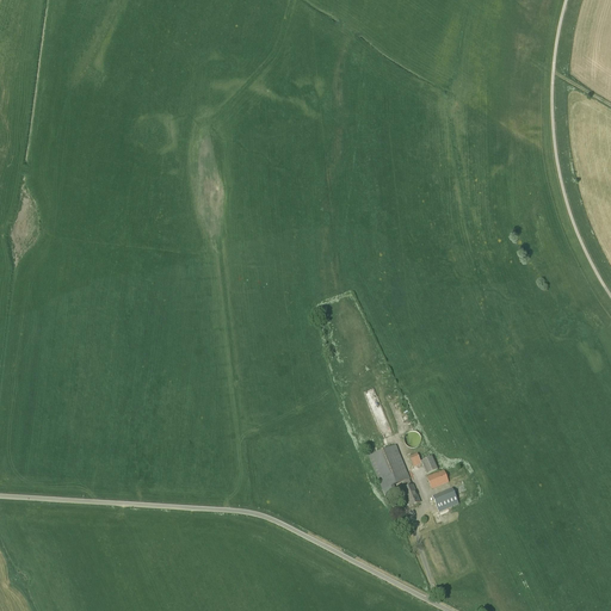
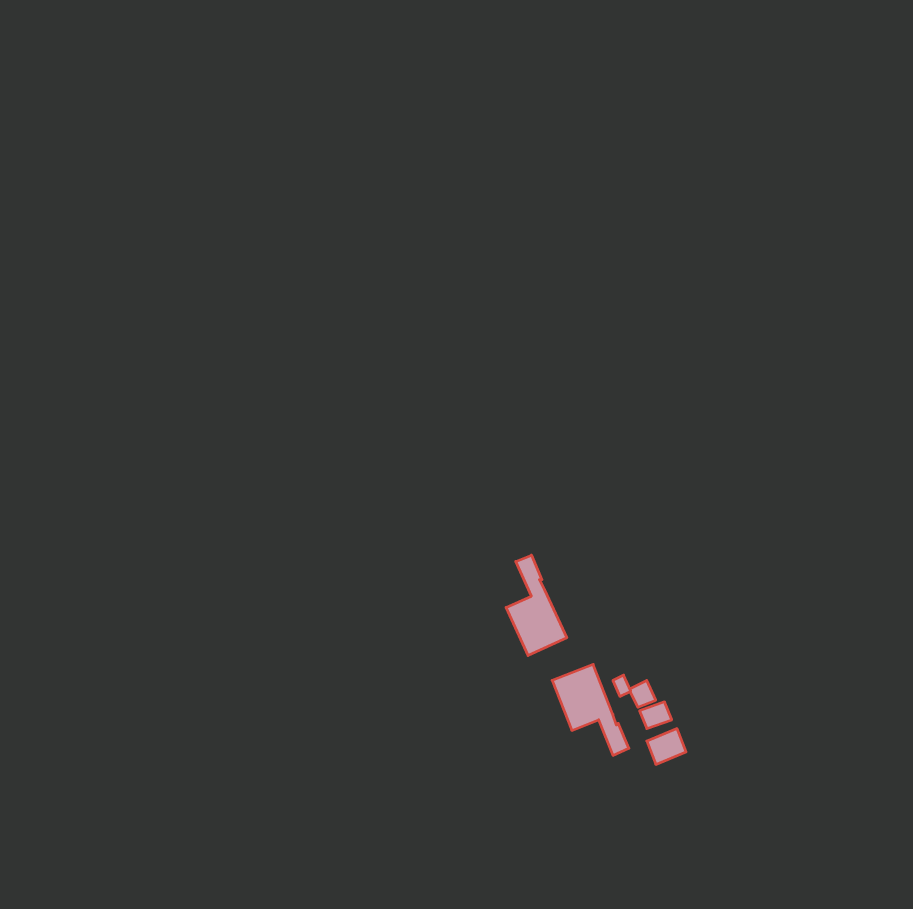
building: none -> [506,555,567,656]

